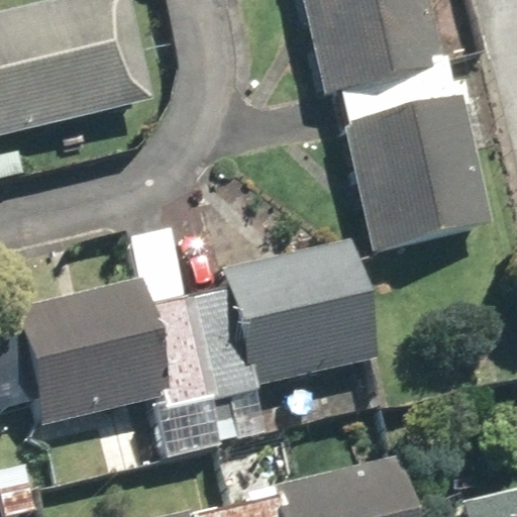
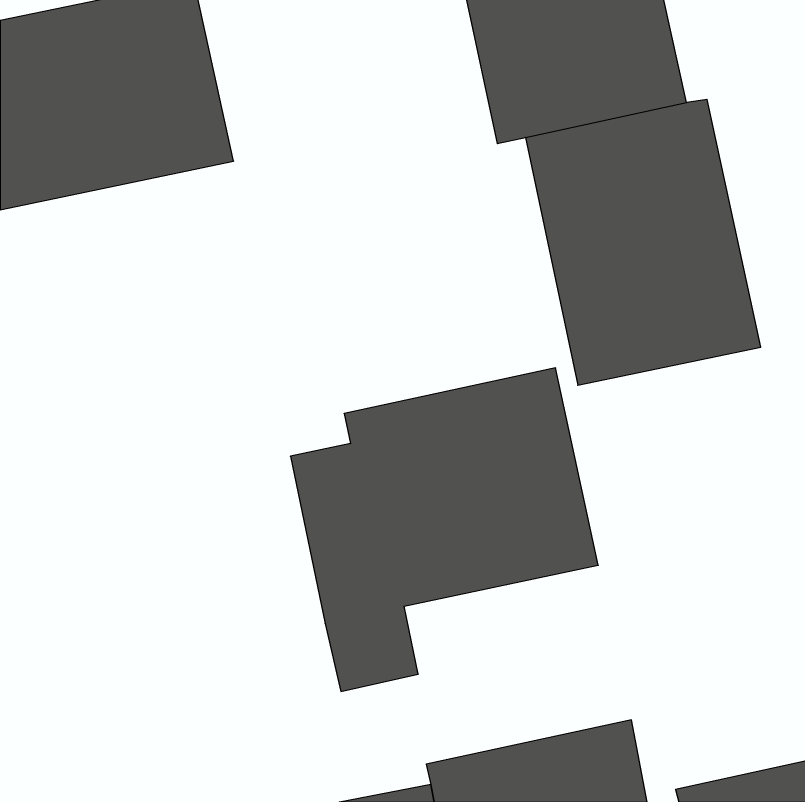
building: [10,282,209,427] -> none

